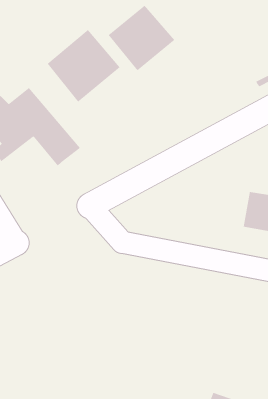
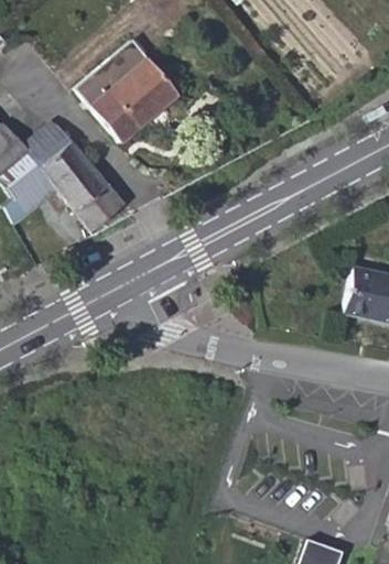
building: [108,5,175,71] -> none

